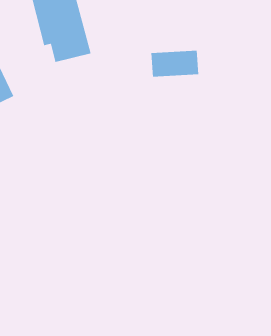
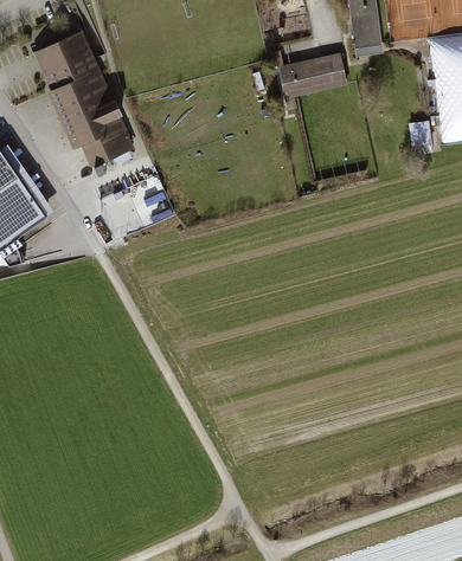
building: [151,50,199,77] -> [280,52,346,96]

